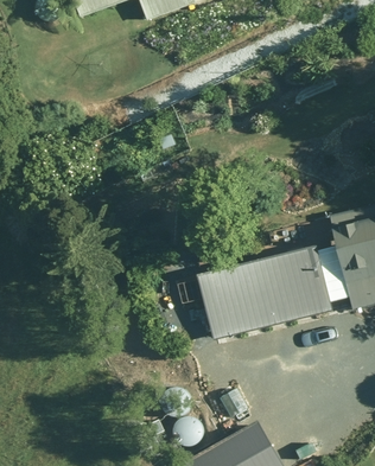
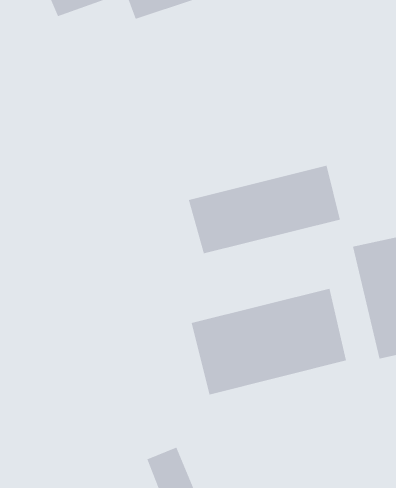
building: none -> [188,165,341,254]

